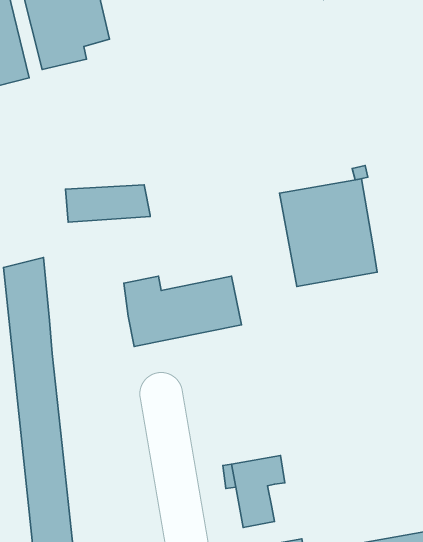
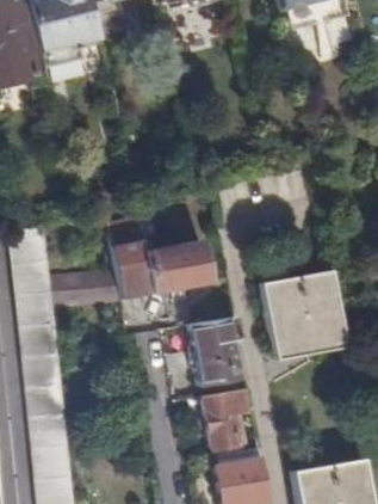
building: [280,179,377,286] -> [262,266,343,356]
building: [65,185,150,222] -> [51,275,122,306]
building: none -> [188,319,240,387]

